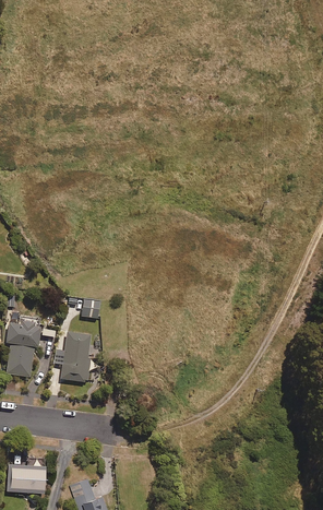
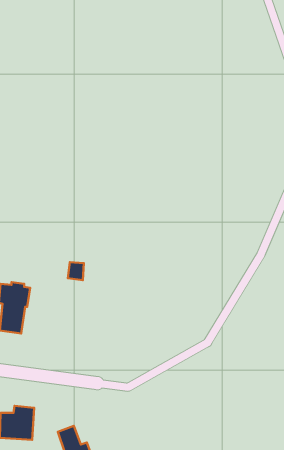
building: [53,332,89,382] -> none

